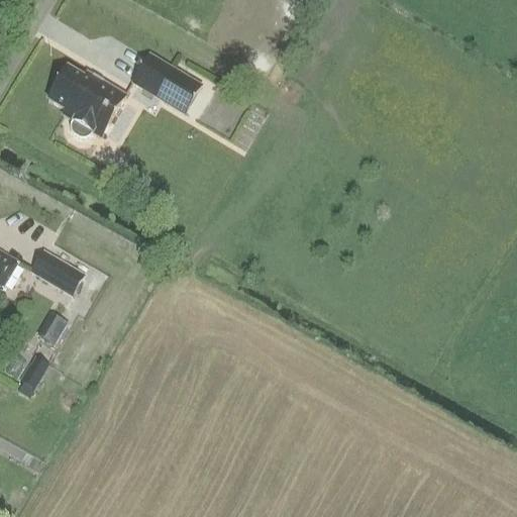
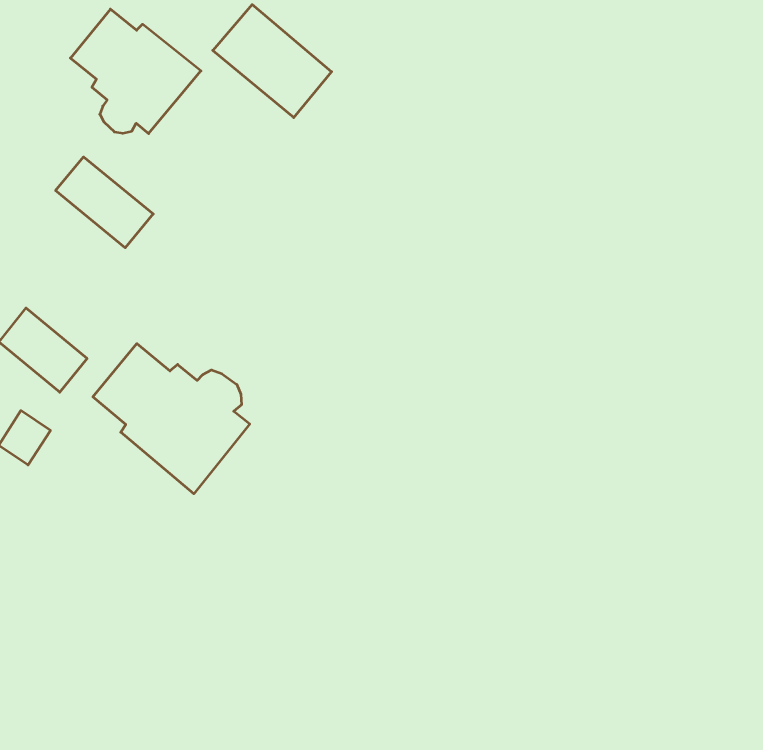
building: none -> [56,157,153,248]
building: none -> [93,344,250,494]

